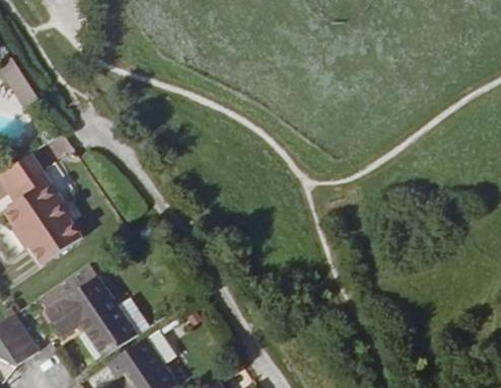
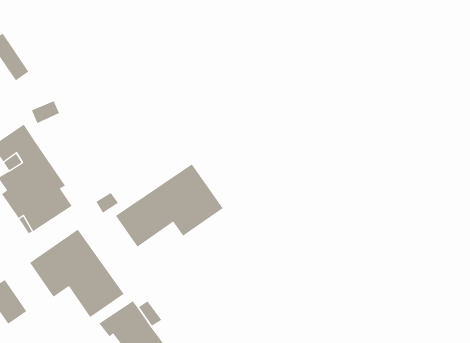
building: none -> [115,163,224,247]

